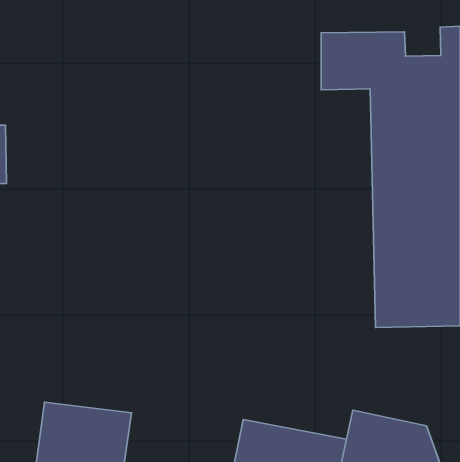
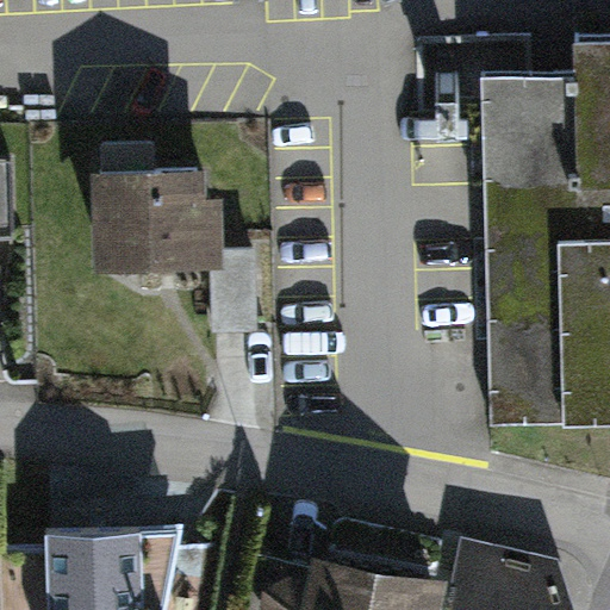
building: none -> [93,152,260,334]

